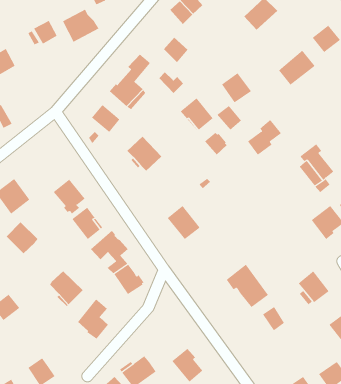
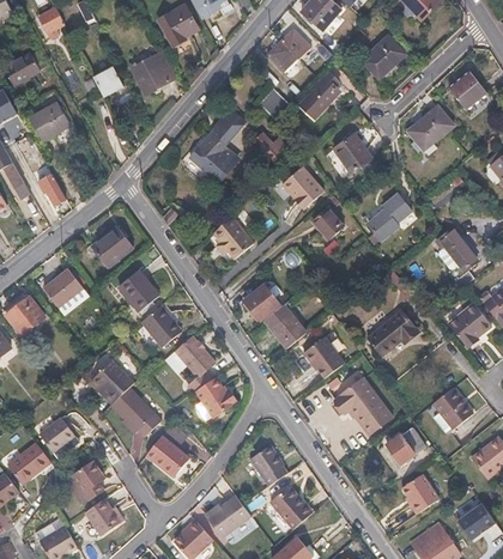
building: none -> [297,72,344,120]
building: [91,104,120,133] -> none
building: [216,105,242,131] -> none
building: none -> [92,226,133,267]
building: none -> [243,285,278,320]
building: none -> [366,310,419,356]
building: [6,221,38,254] -> [92,359,134,401]
building: none -> [304,336,344,377]
building: none -> [247,448,284,488]
building: none -> [73,460,105,499]
building: none -> [401,474,438,514]

